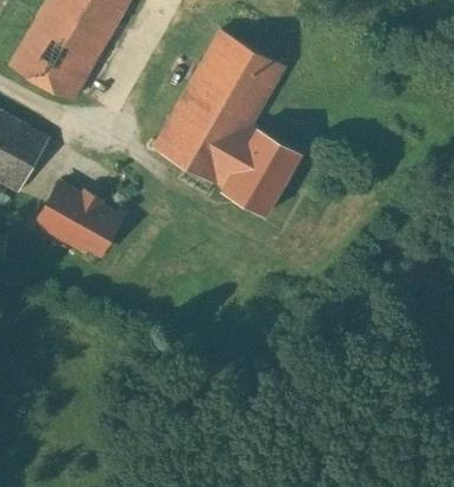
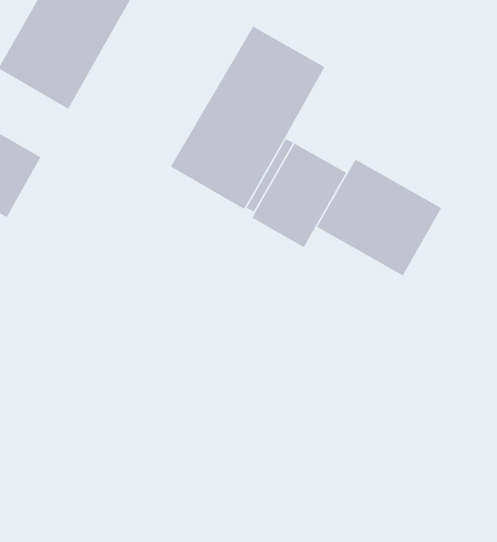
building: none -> [316,158,442,277]
building: [29,181,120,263] -> none

